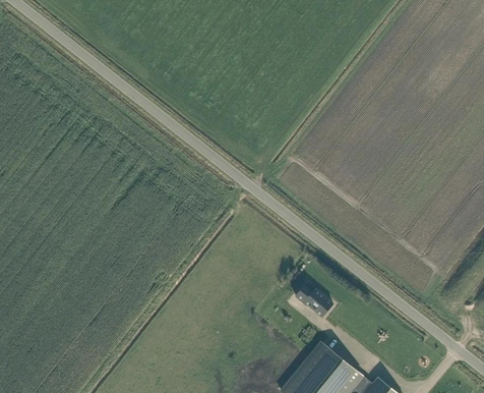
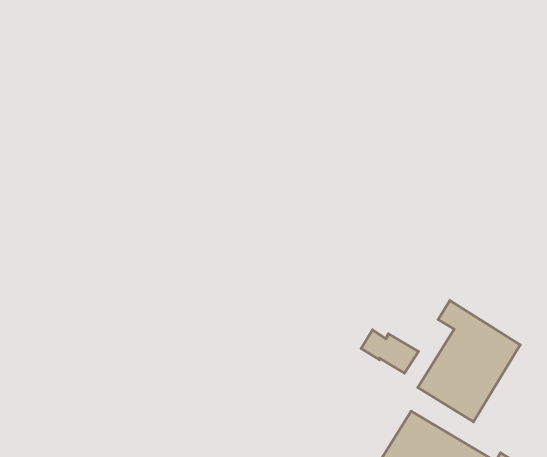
building: none -> [418,300,520,422]

